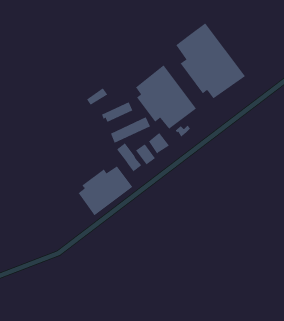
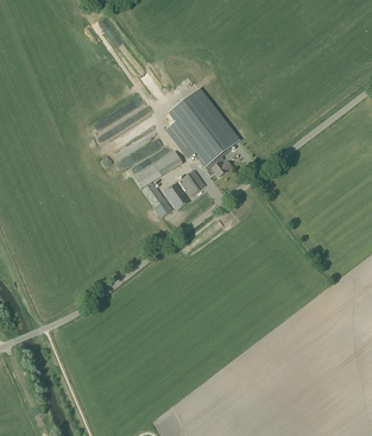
building: [176,22,246,99] -> none
building: [78,165,133,216] -> none

